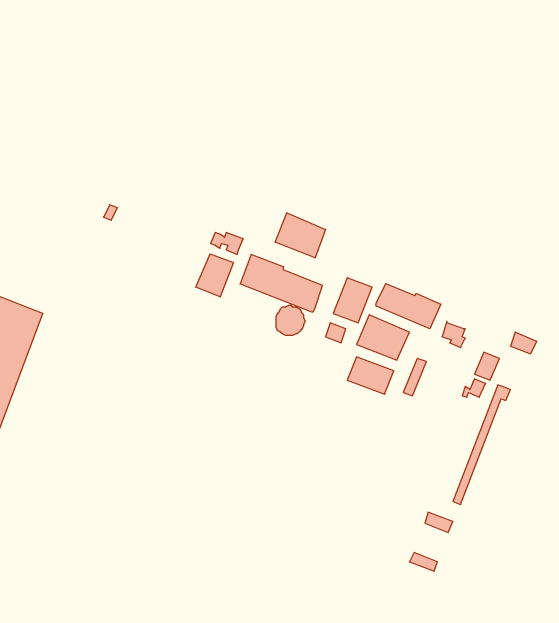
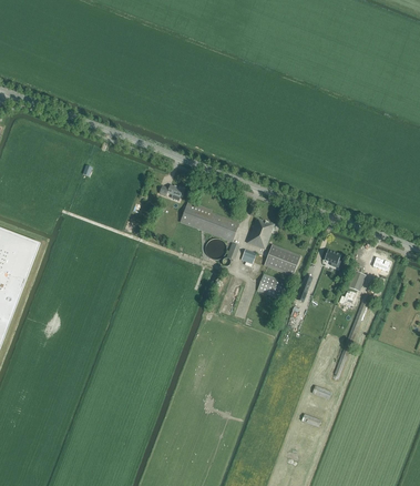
building: [275,213,326,258] -> none
building: [196,254,234,297] -> none
building: [376,284,441,329] -> none

